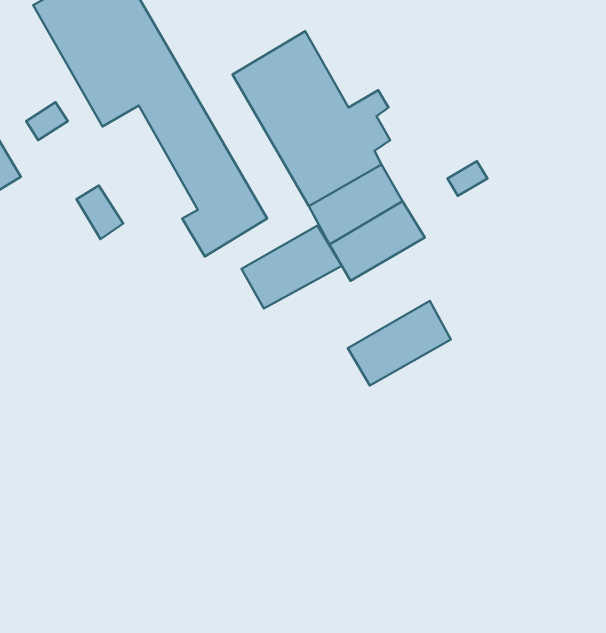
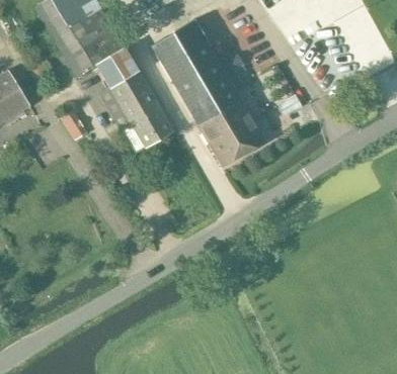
building: [241,225,342,308] -> none
building: [348,301,451,385] -> none

